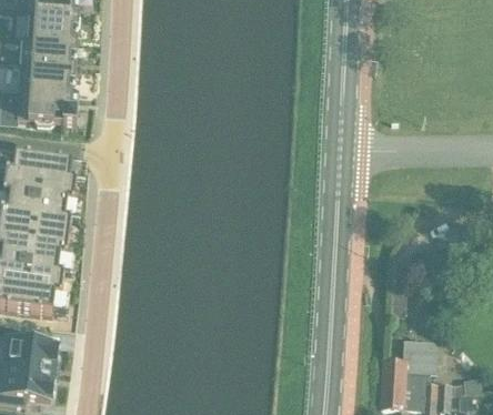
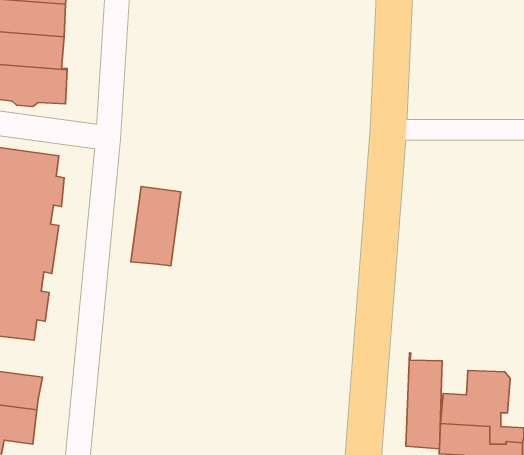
building: none -> [131,186,181,266]
building: none -> [406,353,442,449]

